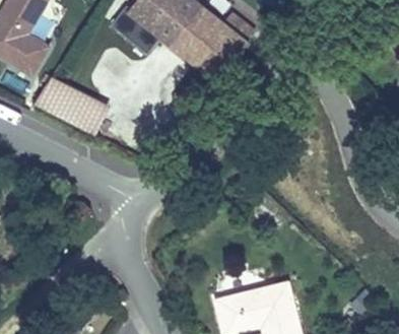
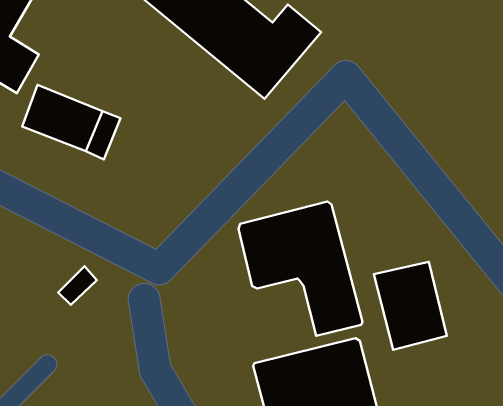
building: none -> [239,201,363,336]
building: none -> [374,262,447,350]

